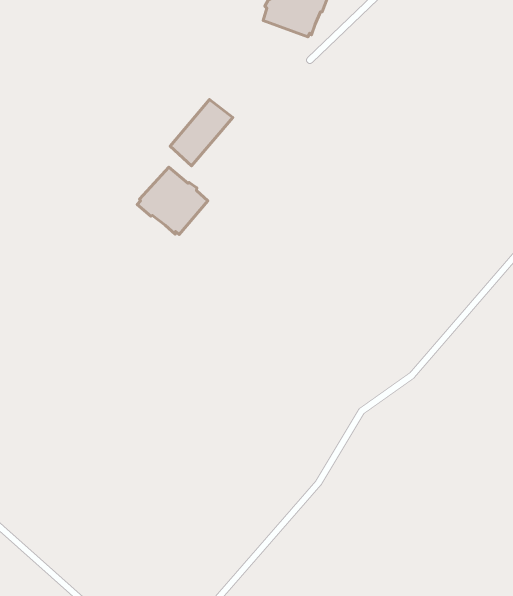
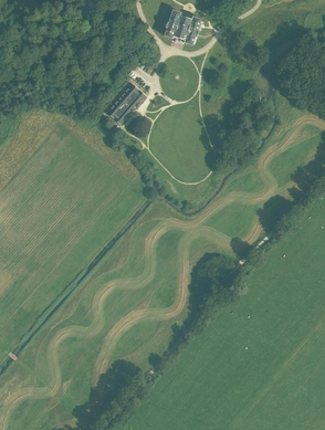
building: [137,167,208,234] -> none

